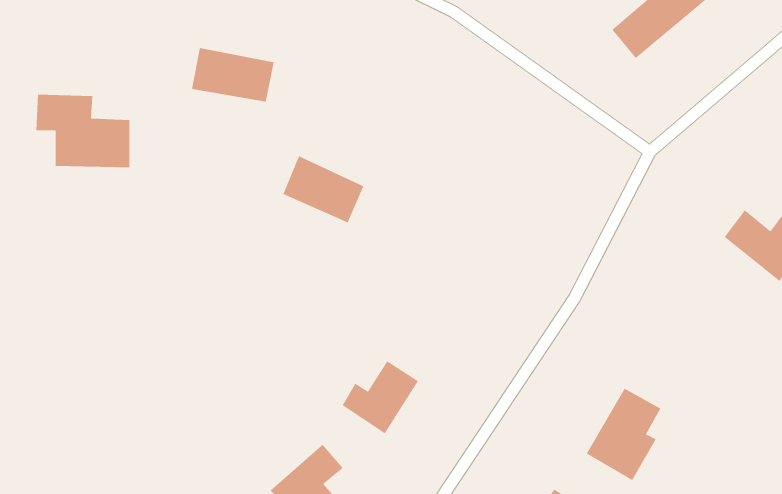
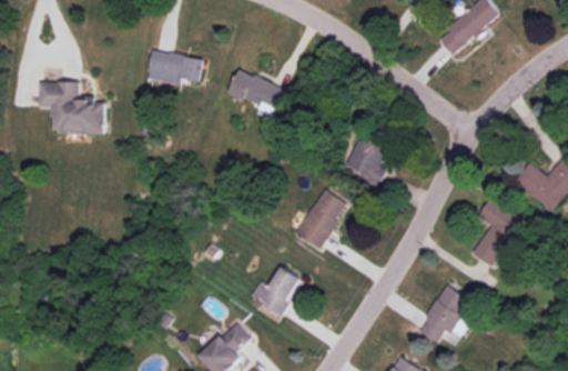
building: [282,156,364,223] -> [227,68,284,114]
building: none -> [344,130,388,179]
building: none -> [294,189,346,248]
building: none -> [471,197,523,265]

